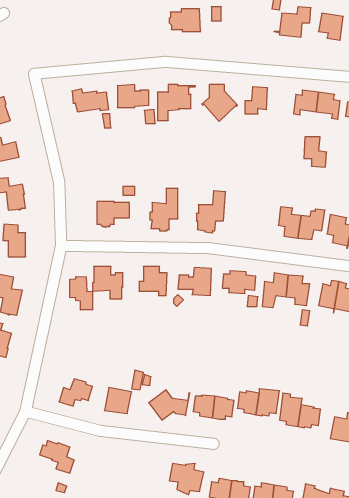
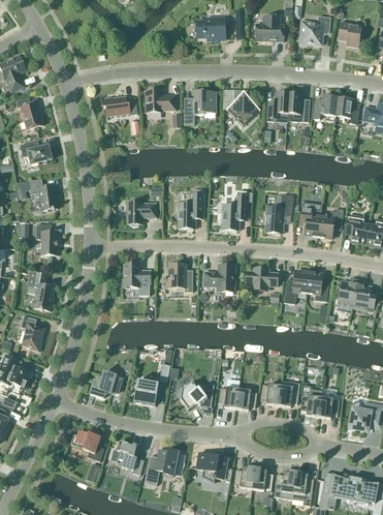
building: none -> [255,16,284,41]
building: [304,137,327,167] -> [288,93,310,122]
building: none -> [264,194,293,234]
building: [70,276,93,310] -> none
building: none -> [118,441,145,475]
building: none -> [147,449,184,476]

